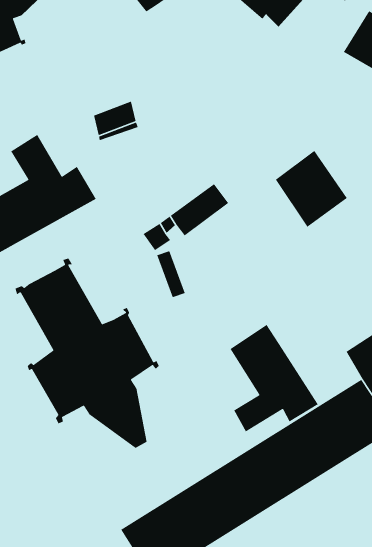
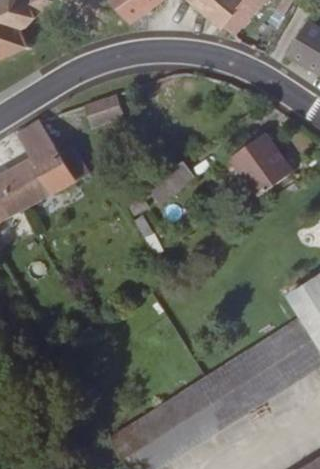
building: [14,258,160,449] -> none
building: [229,324,319,433] -> none

